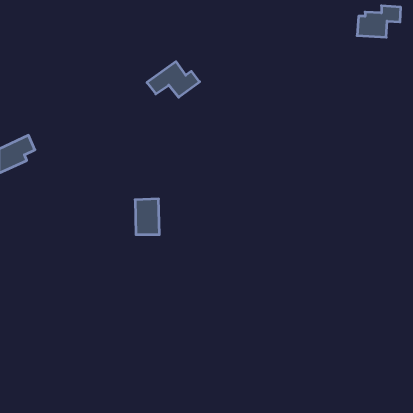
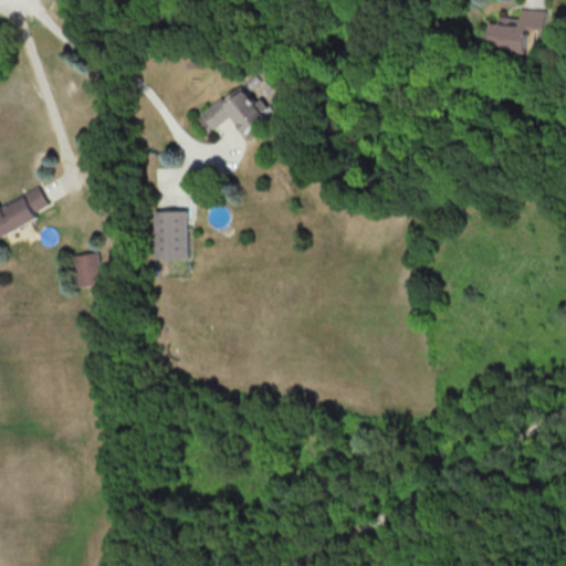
building: none -> [71,252,102,287]
building: [135,199,159,235] -> [154,210,187,259]

